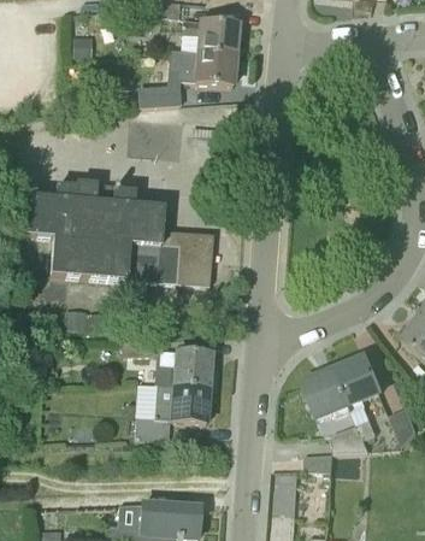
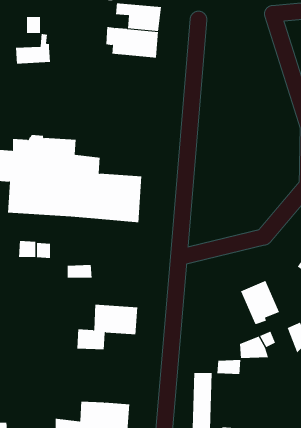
building: [138,71,182,108] -> [15,33,51,64]
building: [155,349,212,390] -> none
building: [303,371,349,419] -> none

